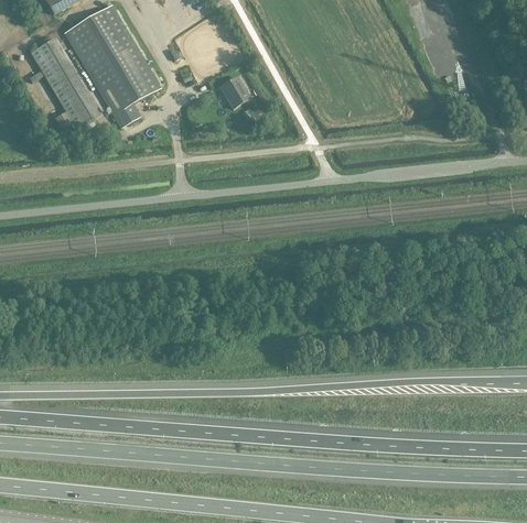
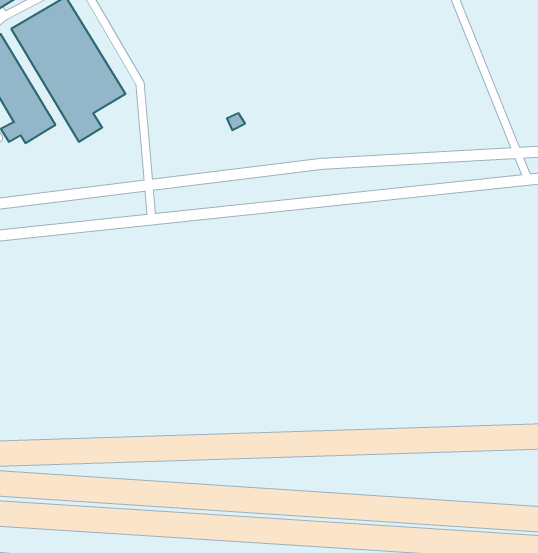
building: [221,75,249,107] -> none

